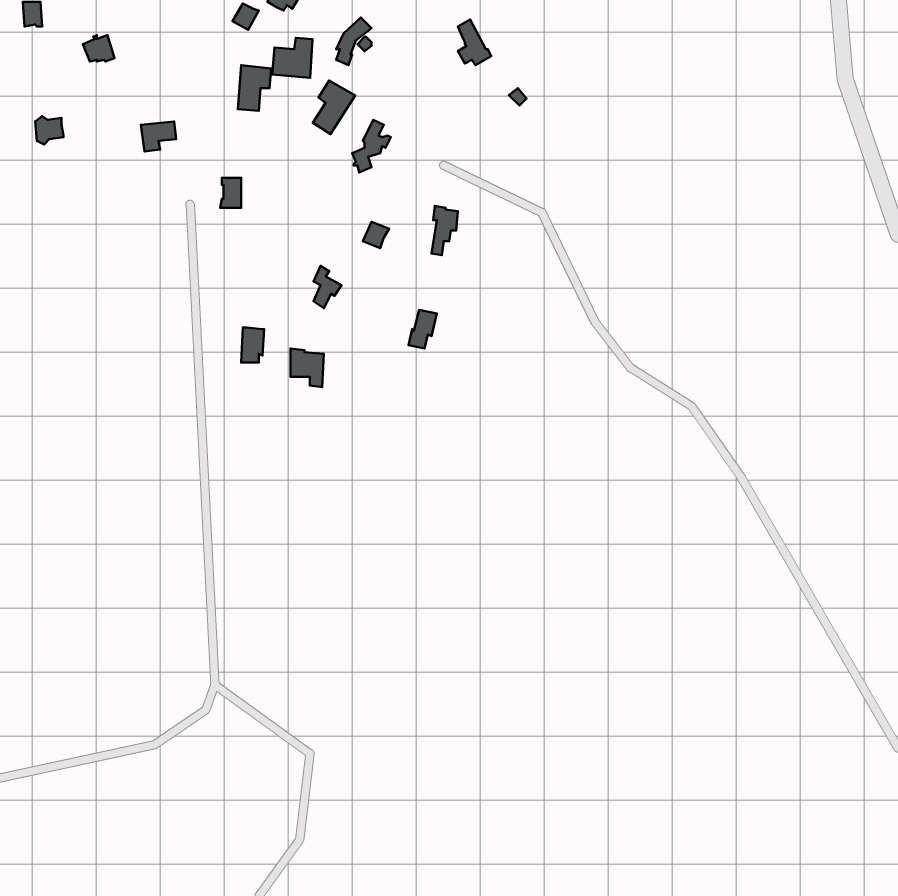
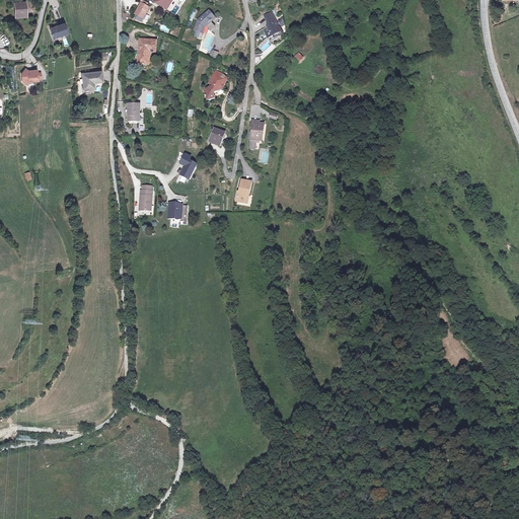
building: [272,38,313,78] -> none
building: [313,80,355,134] -> none

